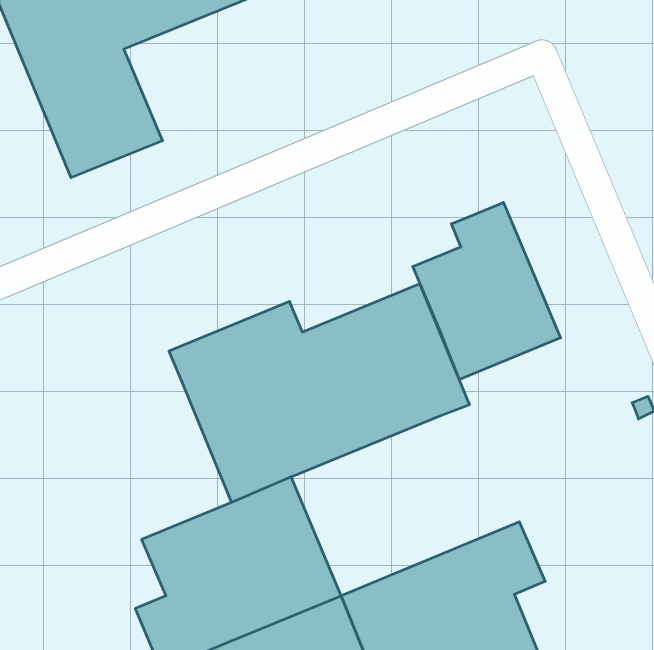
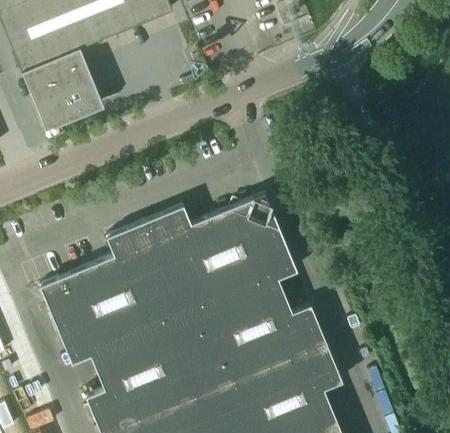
building: [413,202,561,380] -> none
building: none -> [42,256,147,361]
building: none -> [184,277,326,389]

